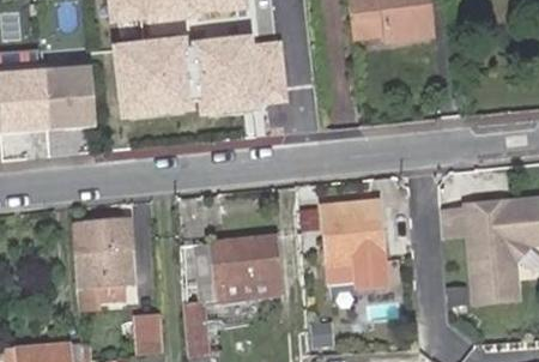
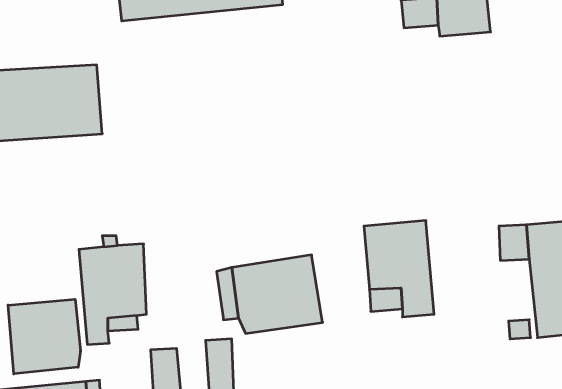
building: [113,37,291,121] -> none
building: none -> [8,299,80,374]

